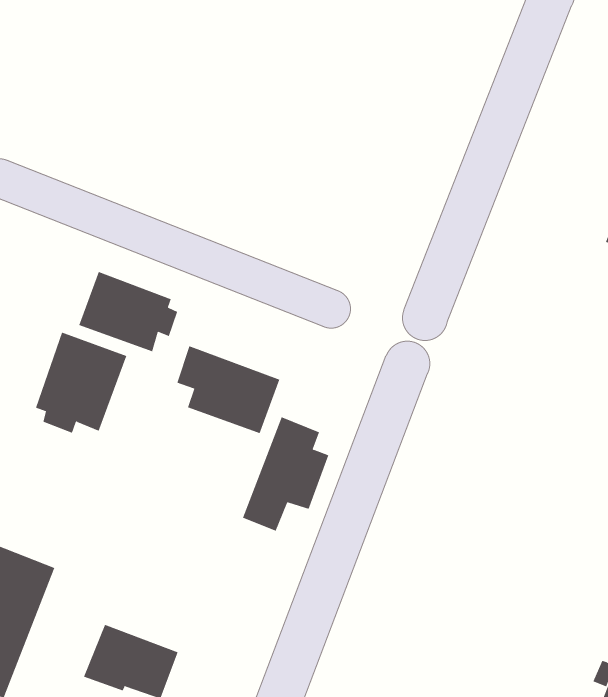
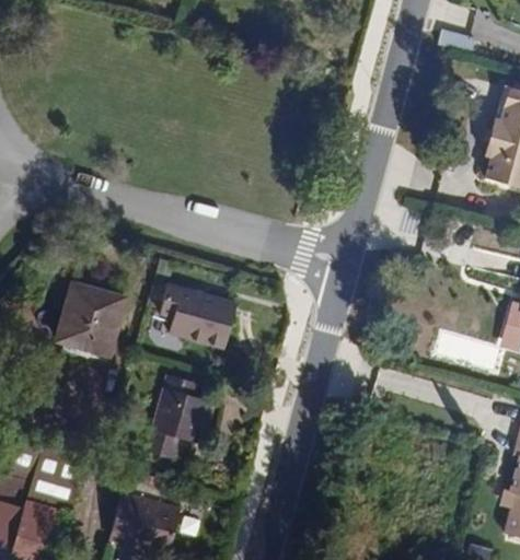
building: [79,271,178,352] -> none
building: [242,417,329,531] -> [149,374,209,459]

